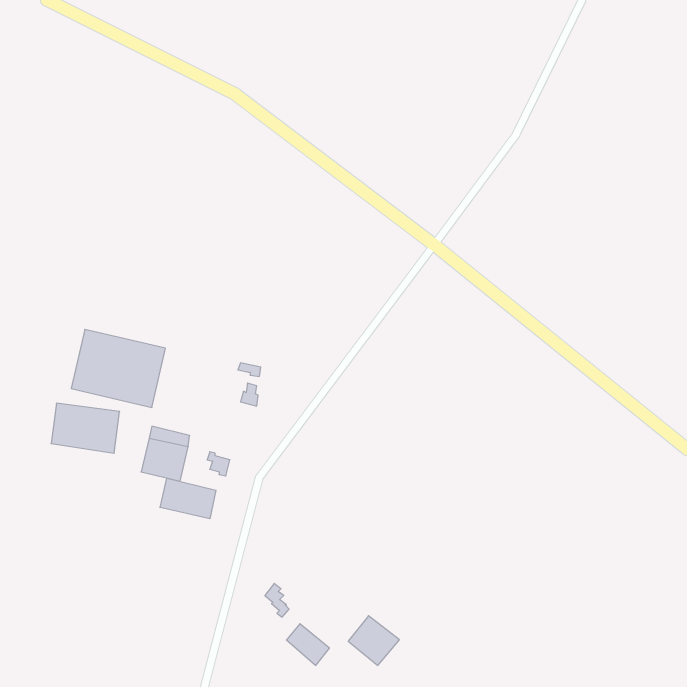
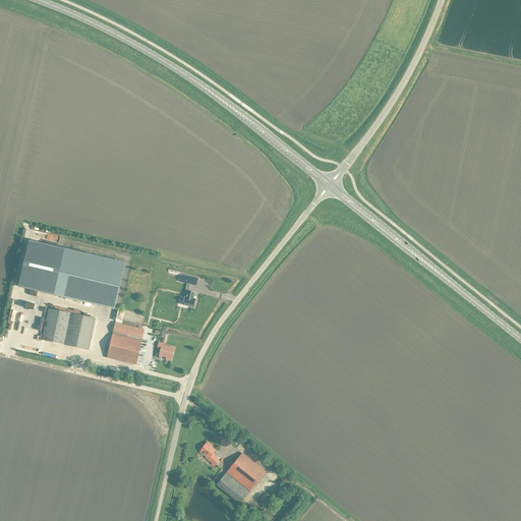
building: none -> [18,241,64,294]
building: [160,478,216,519] -> none
building: [348,616,399,665] -> [227,453,266,490]

